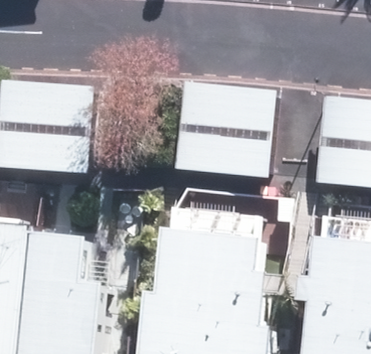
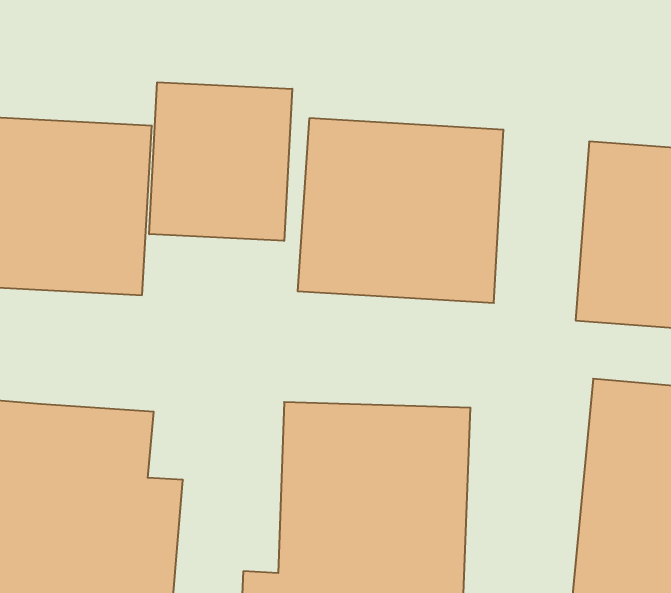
building: none -> [149,82,292,241]

